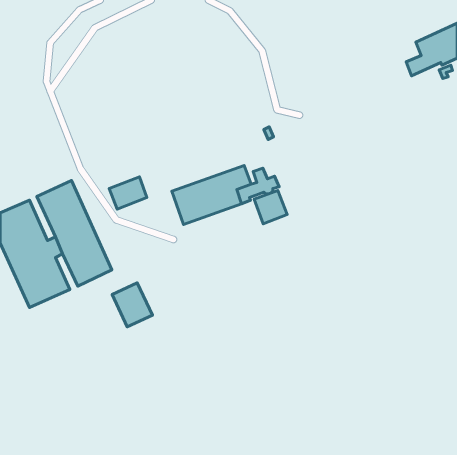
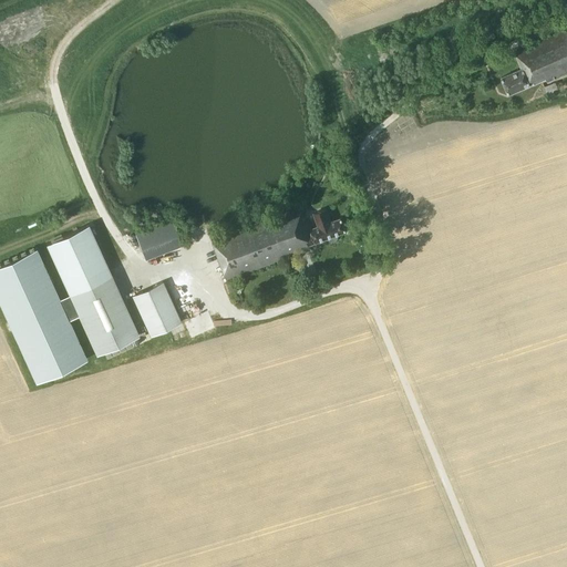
building: [254,191,287,224] -> none
building: [112,283,152,327] -> [132,284,182,338]

